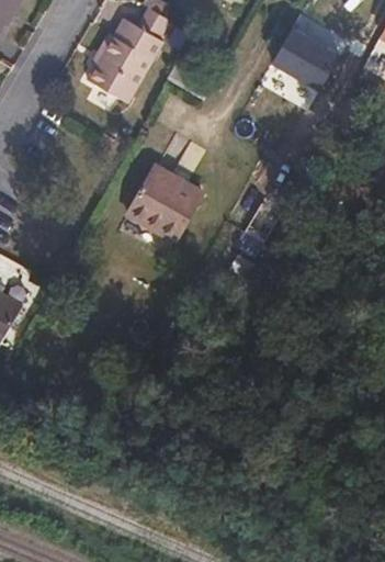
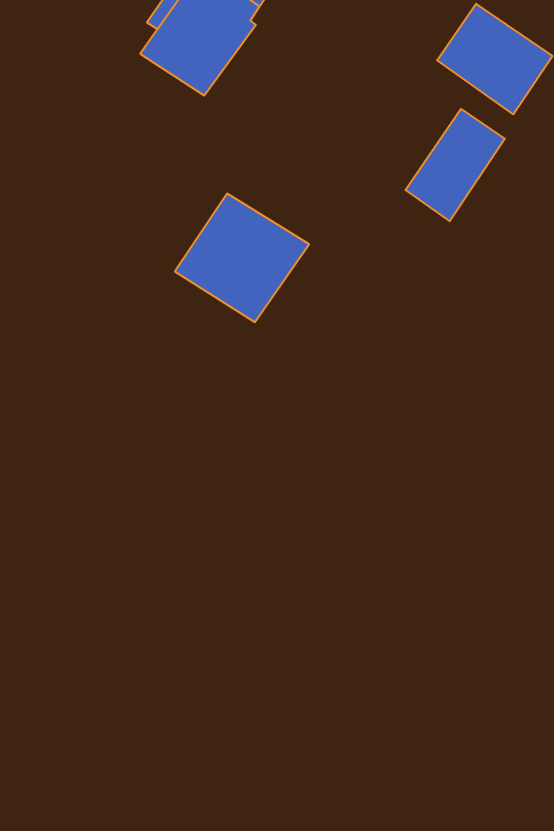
building: none -> [405,109,505,221]

